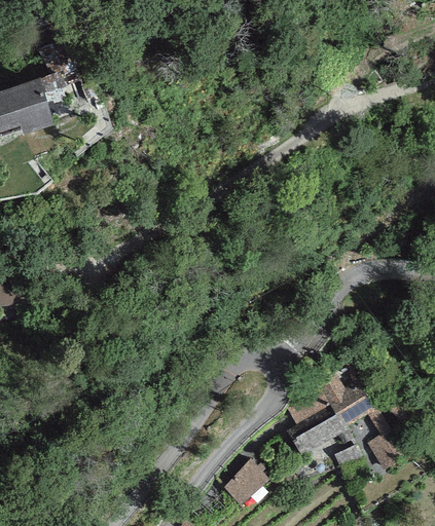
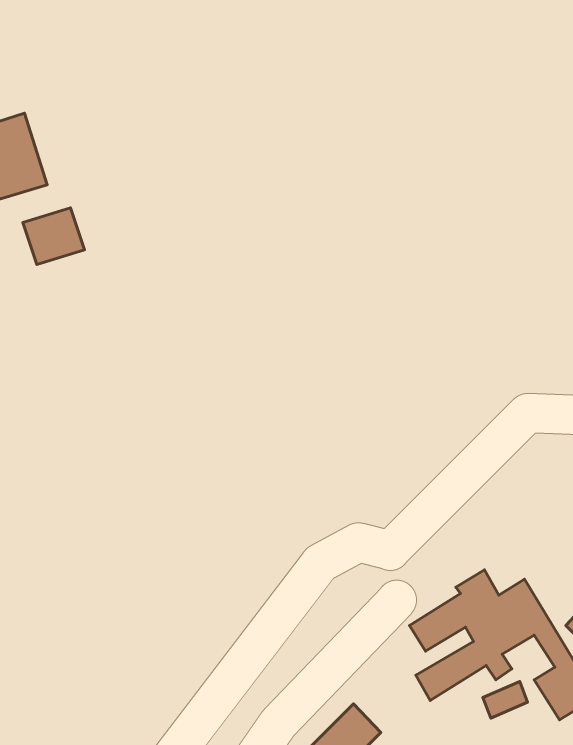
building: none -> [23,208,84,265]

